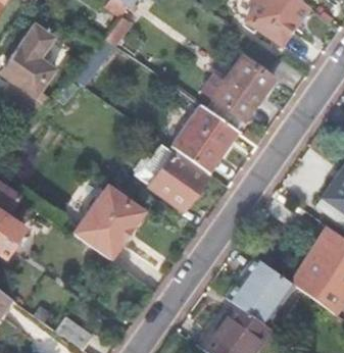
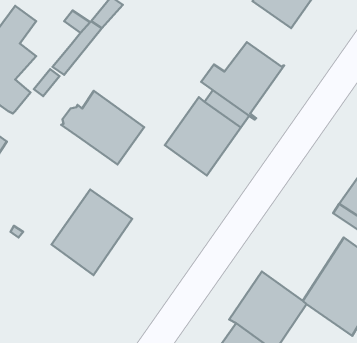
building: [134,144,206,208] -> [61,91,144,165]

